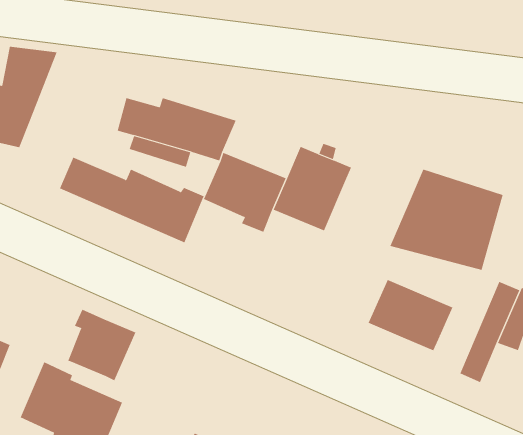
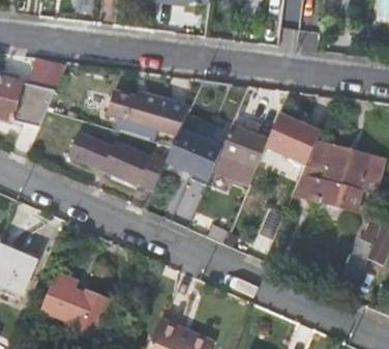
building: none -> [265,116,320,166]
building: [368,279,453,351] -> none
building: [68,309,136,381] -> none

